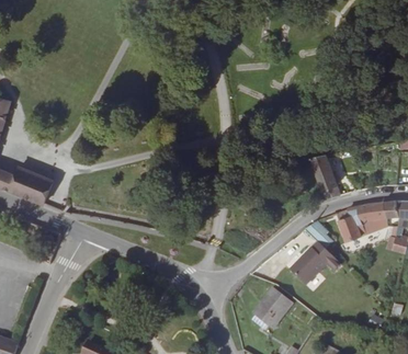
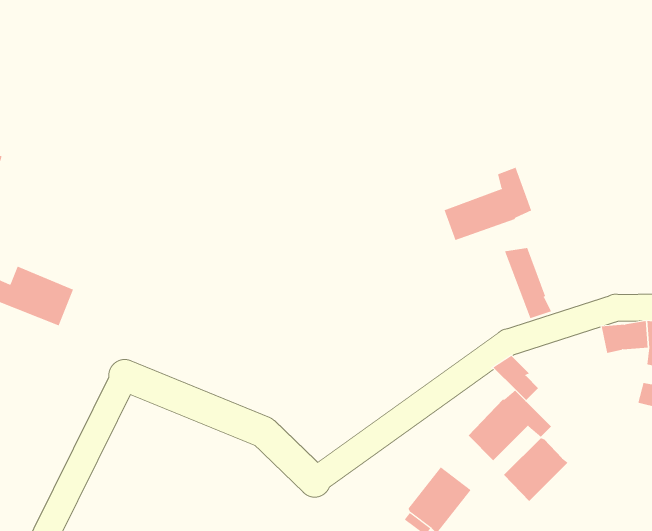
building: none -> [444,167,532,241]
building: [336,203,373,241] -> none
building: none -> [503,437,569,502]

